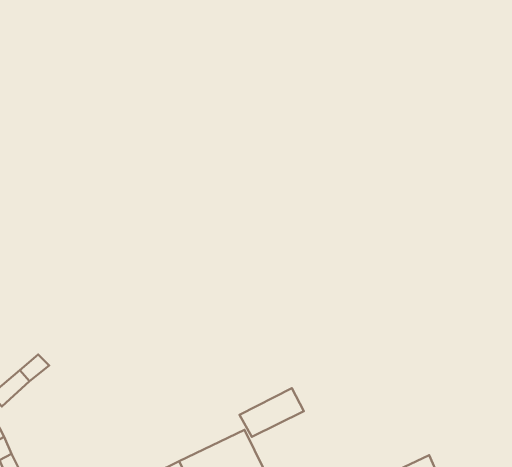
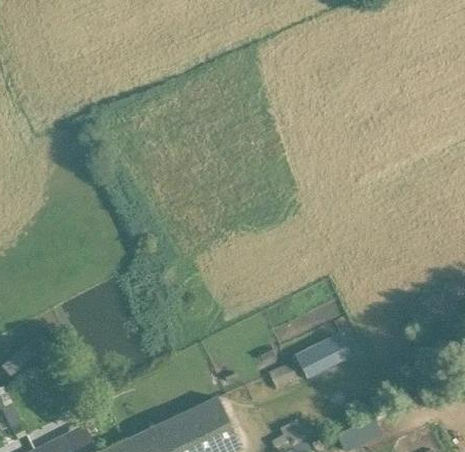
building: [240,388,304,437] -> [297,336,352,378]

